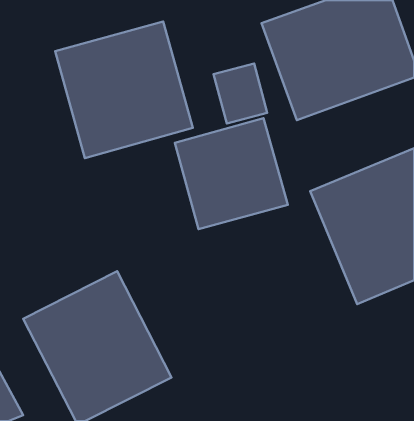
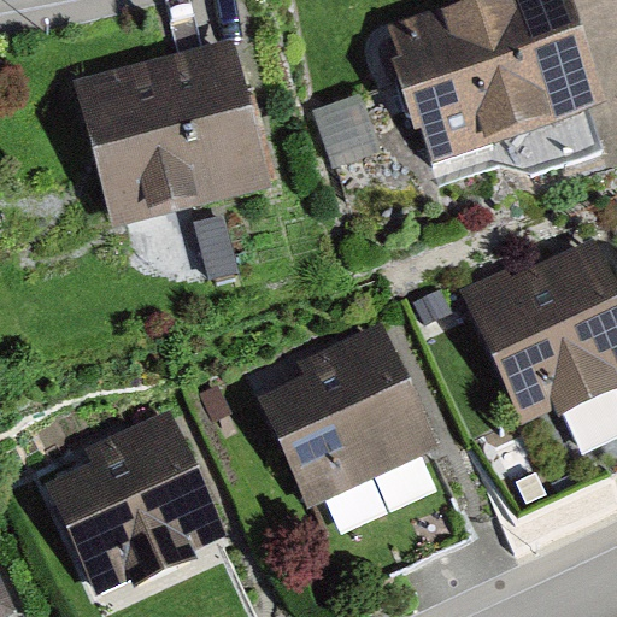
building: [175,118,288,229] -> none
building: none -> [249,334,430,518]

